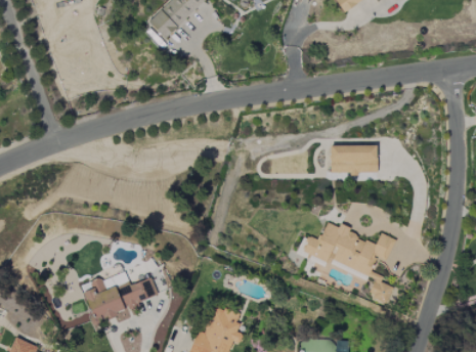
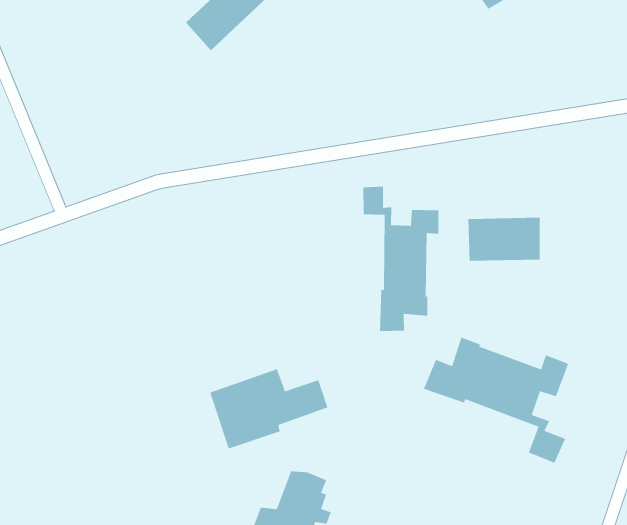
building: none -> [362,186,439,332]
building: [81,270,158,322] -> [209,368,329,449]

